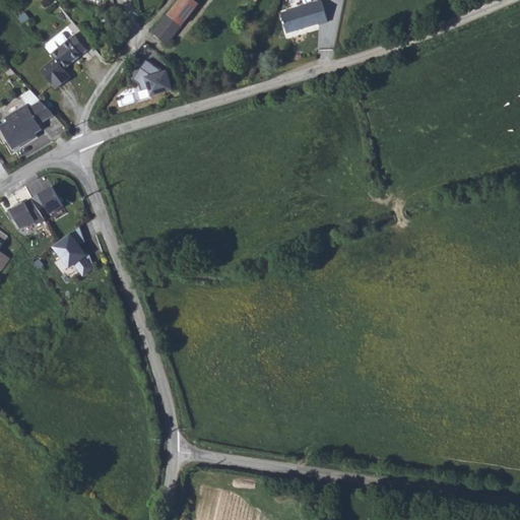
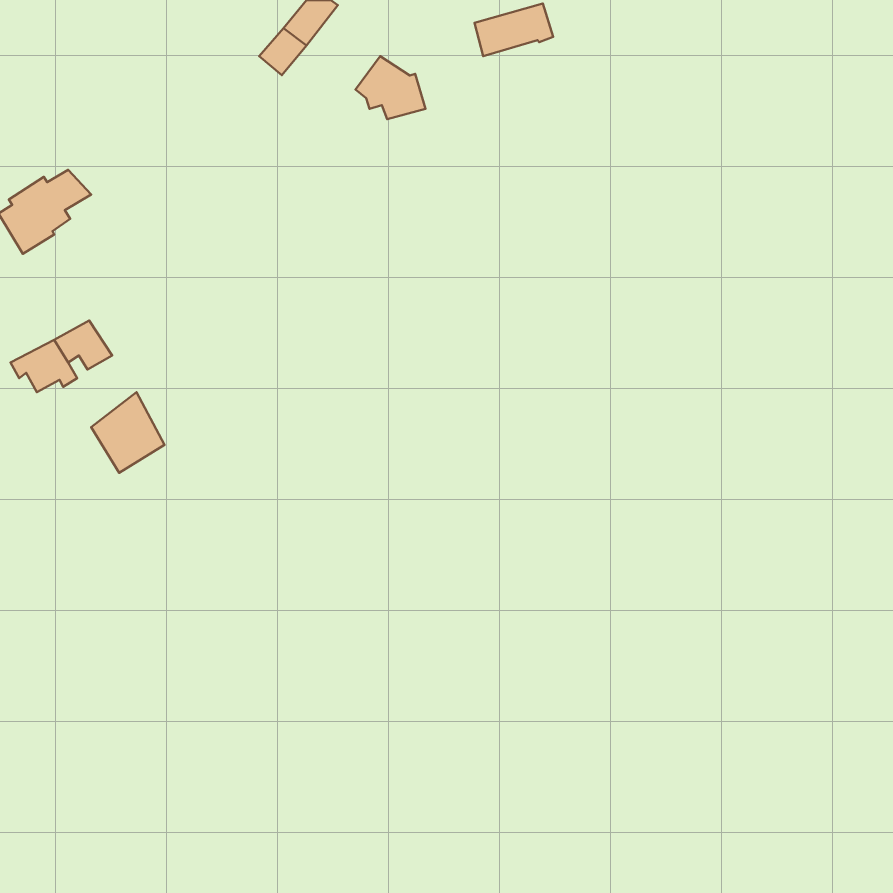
building: [40,35,86,89] -> none
building: [132,60,173,96] -> [355,56,426,119]

